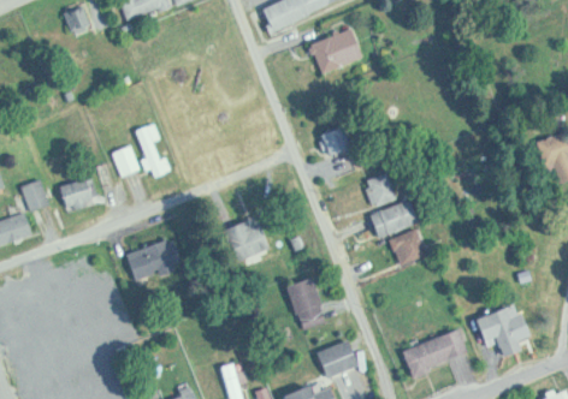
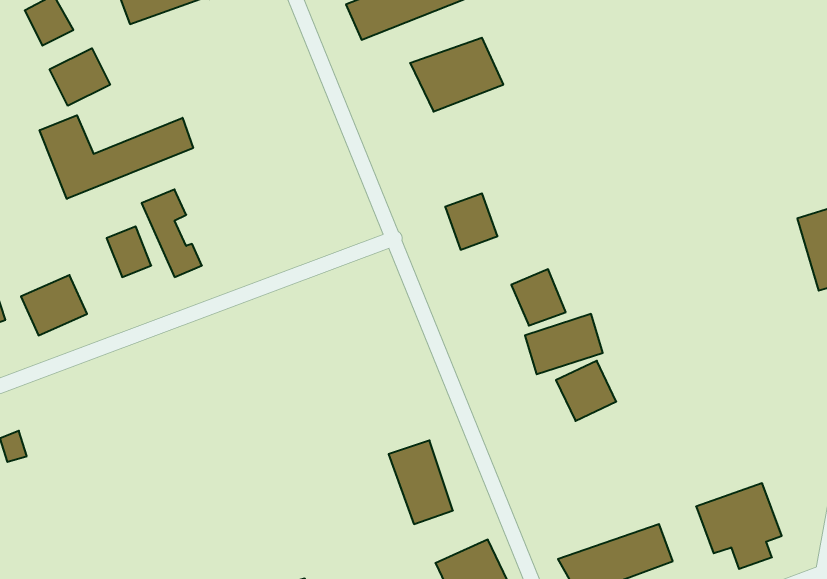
building: none -> [50,48,110,106]
building: none -> [40,115,193,199]
building: [224,216,268,261] -> none
building: [125,239,182,284] -> none

